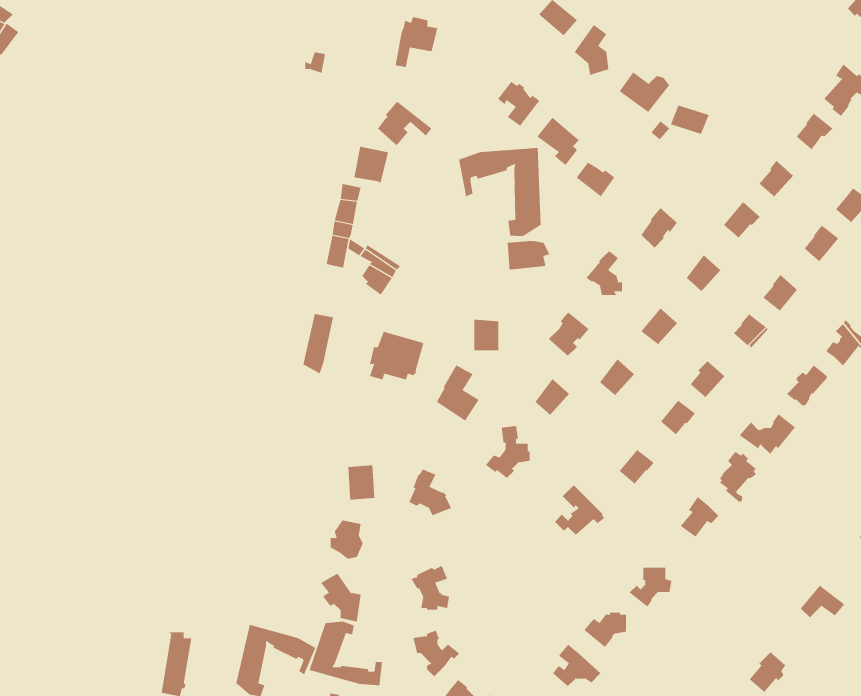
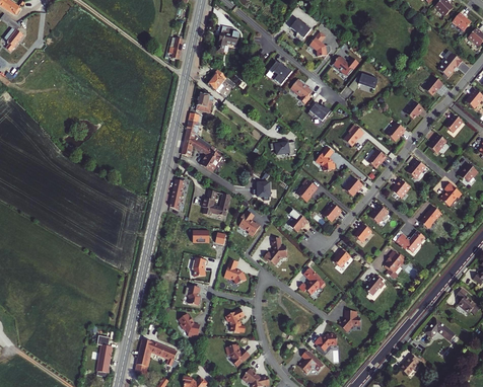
building: [458,147,541,237] -> none
building: [309,621,383,686] -> none

